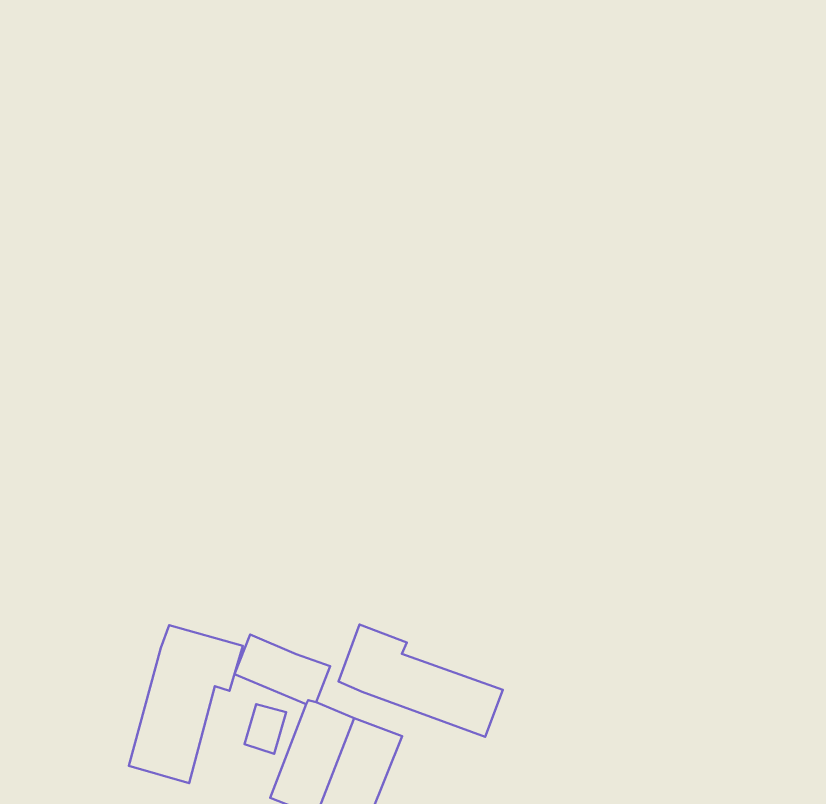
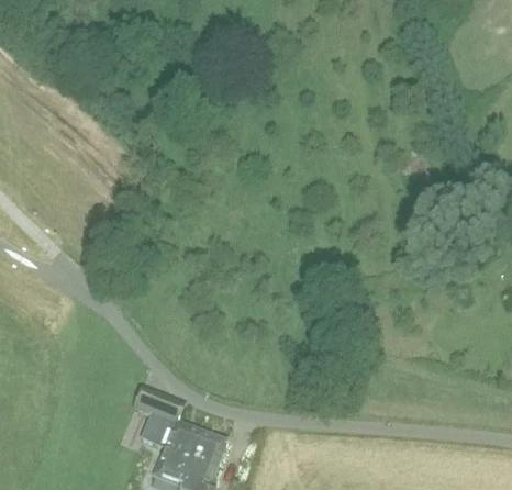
building: [339,625,503,737] -> none
building: [129,625,243,783] -> none

